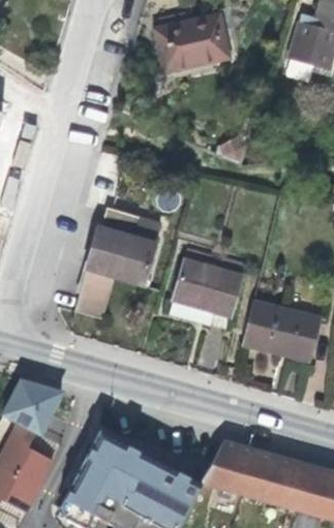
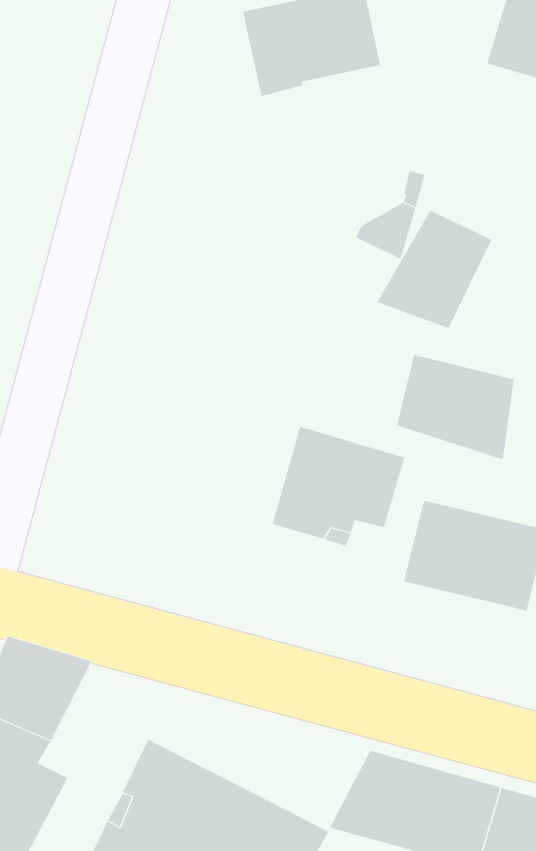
building: none -> [377,210,492,329]
building: [74,207,163,319] -> none
building: none -> [397,354,514,460]

